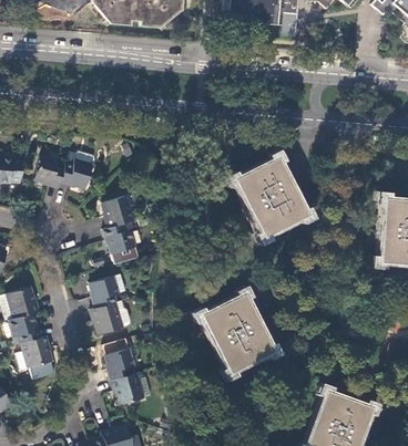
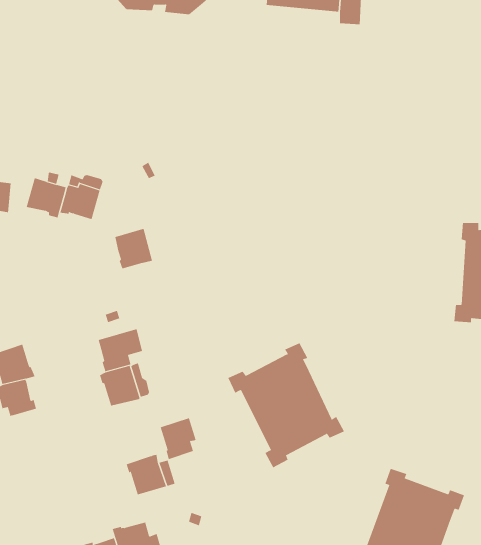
building: [226,147,318,246] -> none
building: [104,222,136,253] -> none
building: [19,335,54,370] -> none
building: [106,346,135,380] -> [160,417,197,460]

